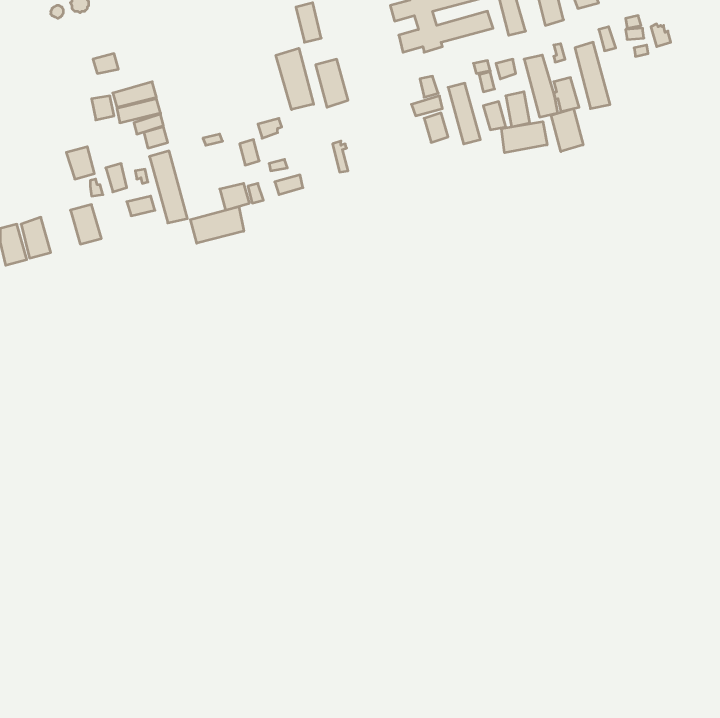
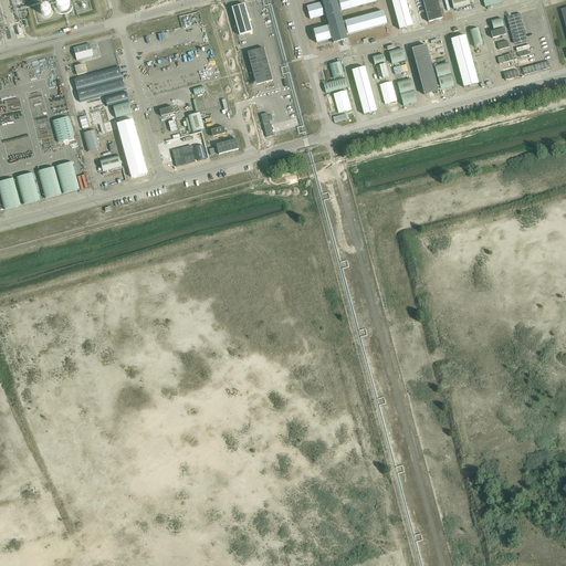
building: [276,48,314,110] -> none
building: [551,109,583,152] -> none
building: [502,122,547,153] -> none
building: [190,207,244,243] -> none
building: none -> [38,165,62,197]

